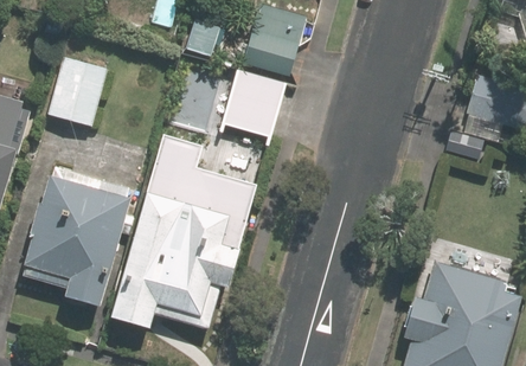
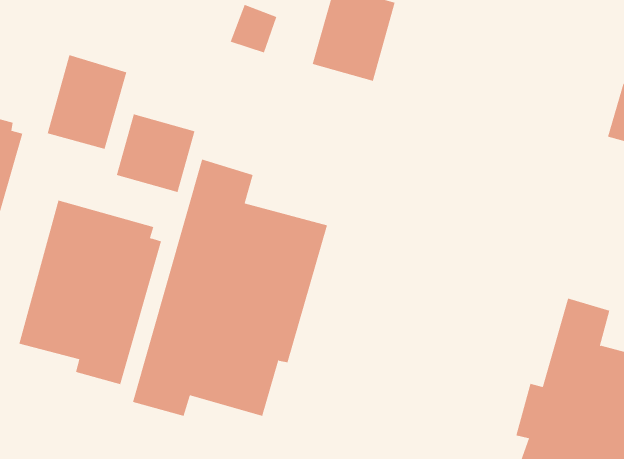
building: [218,68,284,136] -> none
building: none -> [116,113,195,193]

